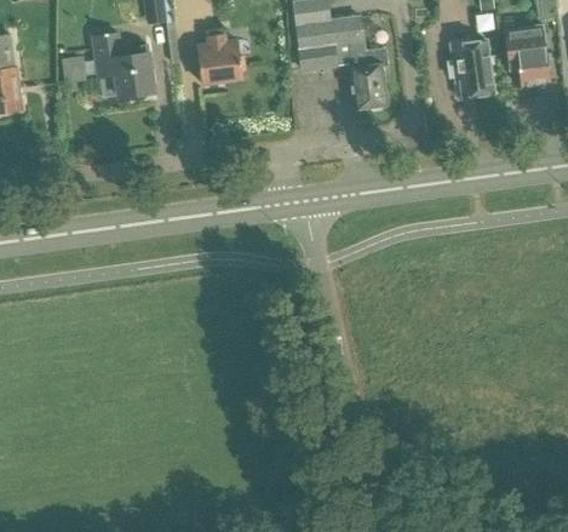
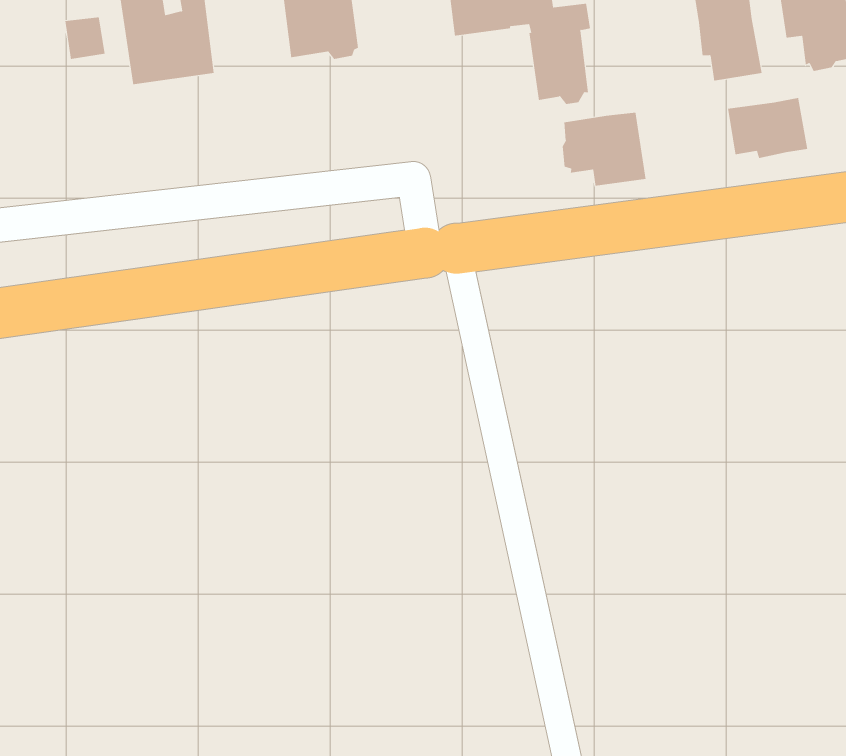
building: none -> [728,97,808,159]
building: none -> [562,112,646,187]

